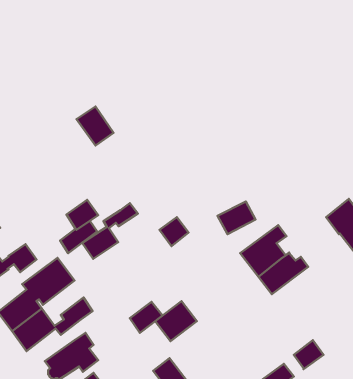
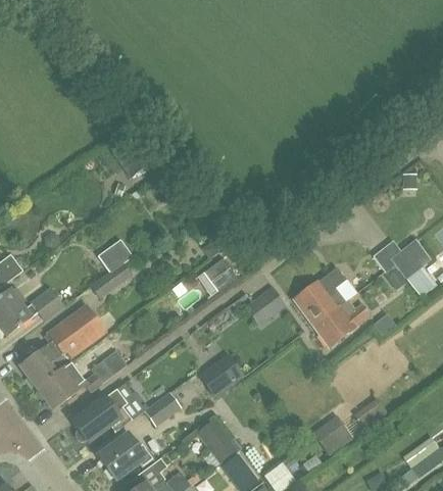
building: [218,201,256,234] -> [248,286,291,323]
building: [82,203,138,259] -> none
building: [130,302,162,333] -> [145,392,182,427]

